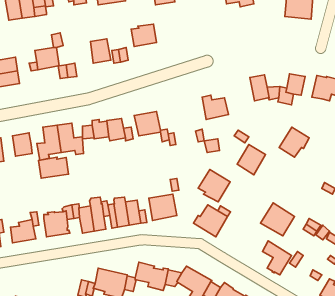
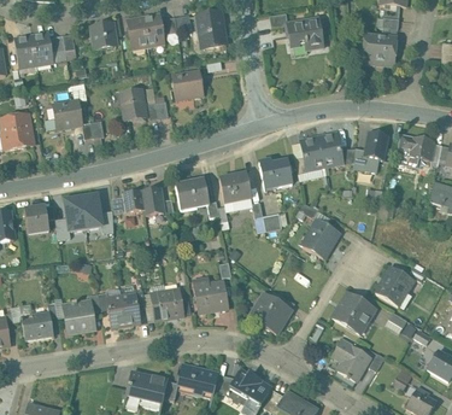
building: none -> [300,136,324,169]
building: none -> [218,173,251,203]
building: [279,127,309,157] -> [375,267,412,304]
building: [38,157,69,178] -> none
building: [198,169,230,202] -> none

